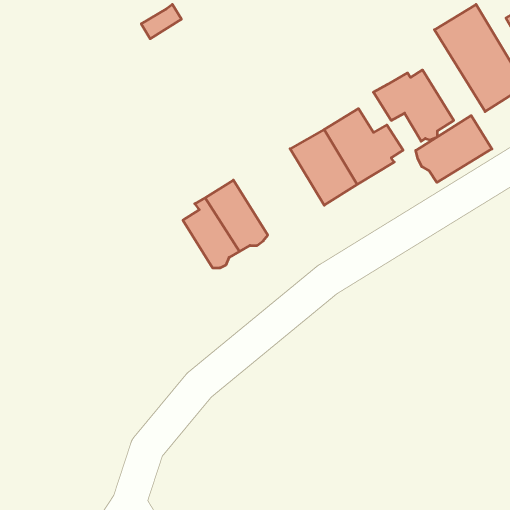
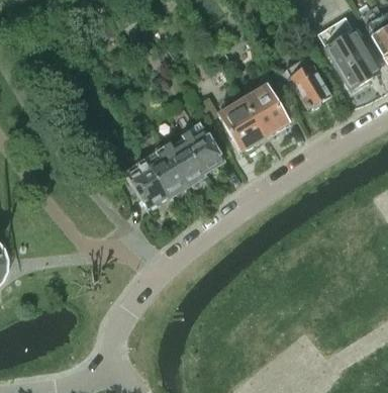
building: [416,116,492,182] -> none
building: none -> [181,126,223,172]
building: none -> [124,158,167,206]

